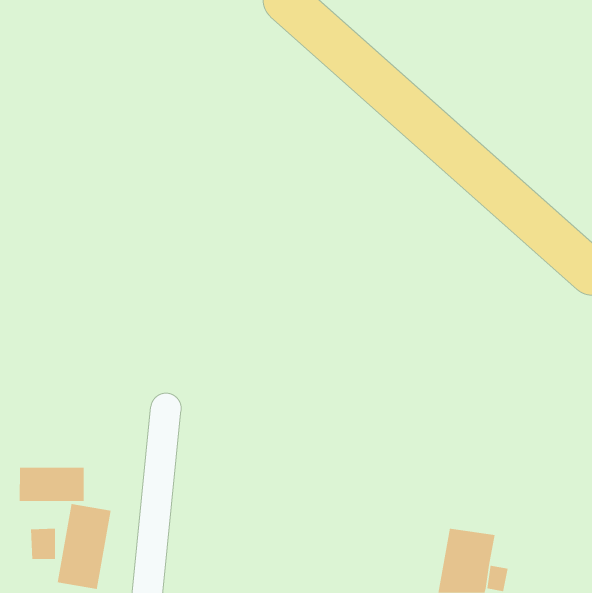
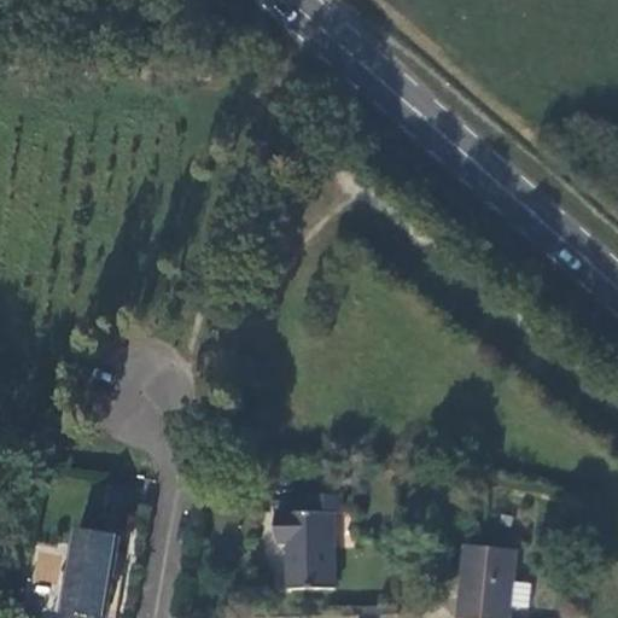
building: [19,467,84,502] -> none
building: none -> [272,495,338,587]

